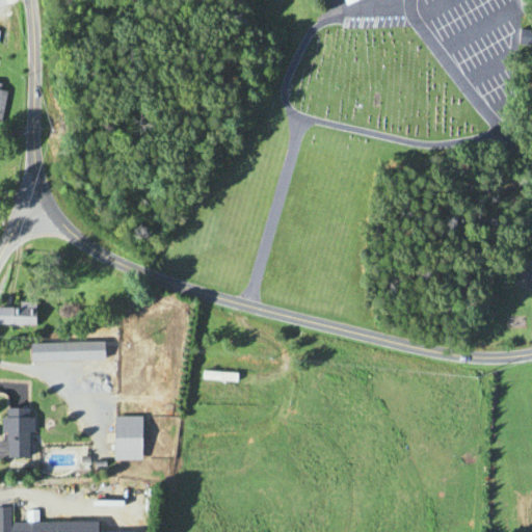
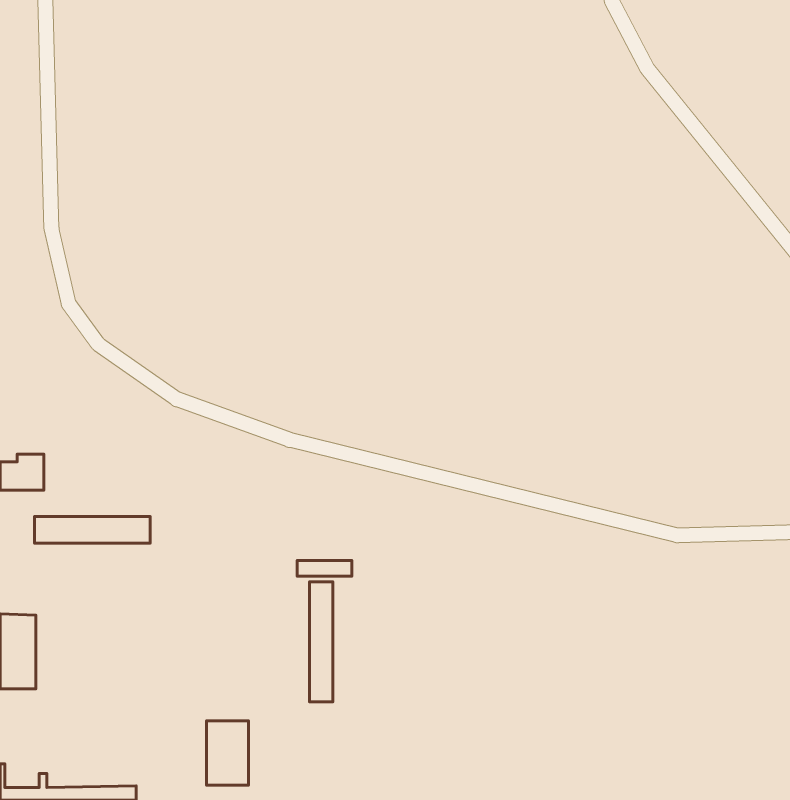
building: none -> [310,582,333,702]
building: [115,417,143,459] -> [206,721,249,785]

